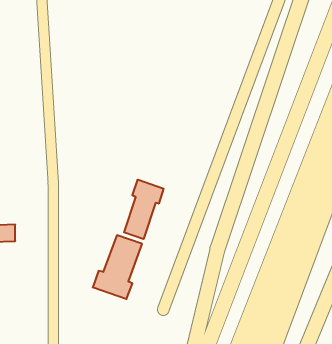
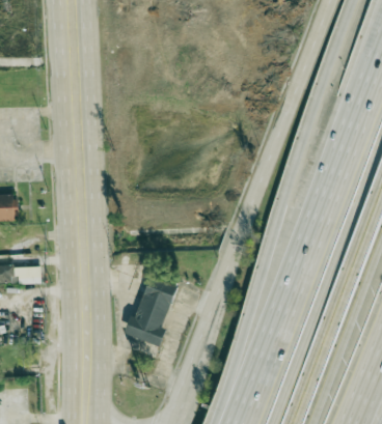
building: [124,180,164,239] -> none

